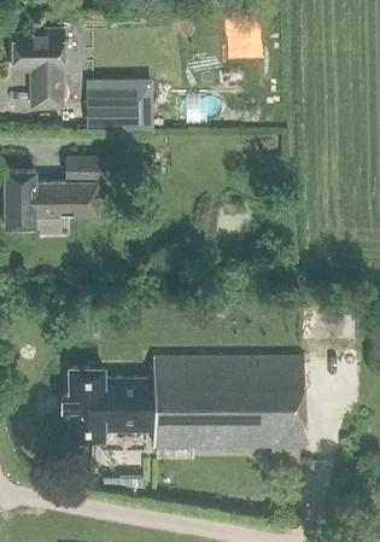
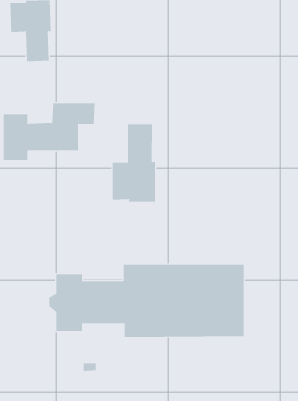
building: [82,78,151,130] -> none
building: none -> [112,124,155,202]

